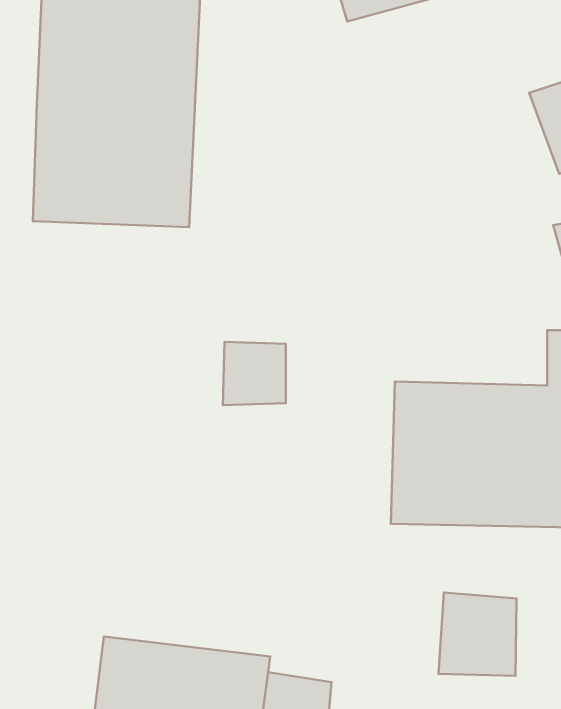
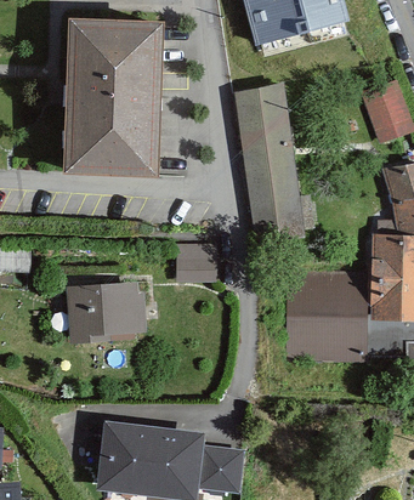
building: none -> [232,81,305,242]
building: none -> [67,283,147,341]
building: [438,593,516,676] -> none

